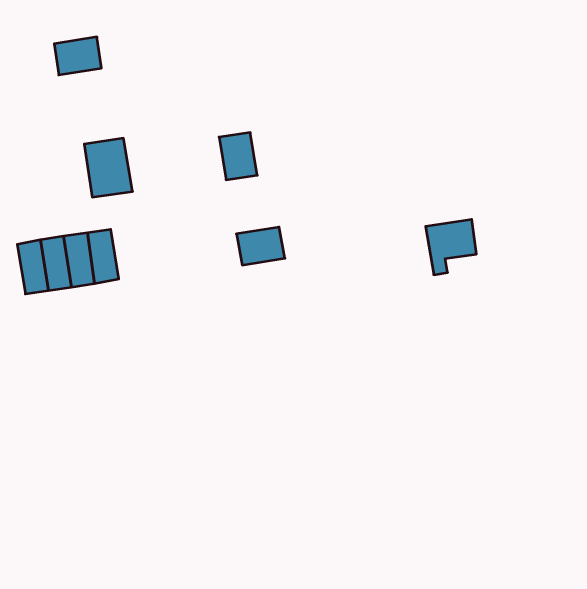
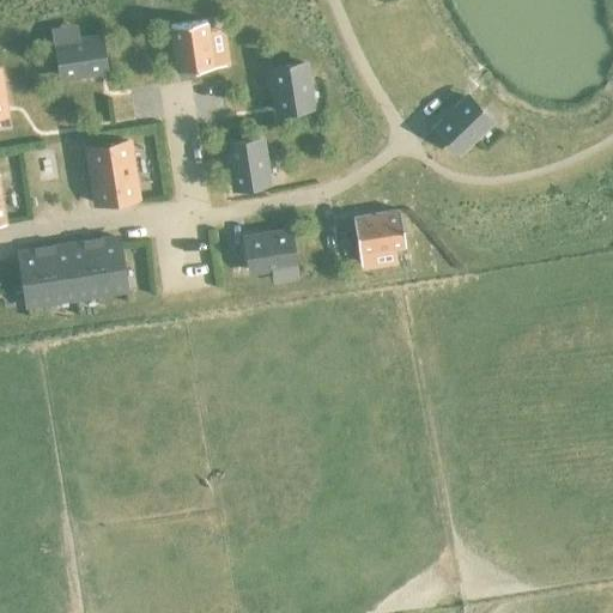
building: none -> [172,22,229,74]
building: none -> [274,61,314,110]
building: none -> [437,96,491,150]
building: [426,219,476,275] -> [356,216,408,273]

